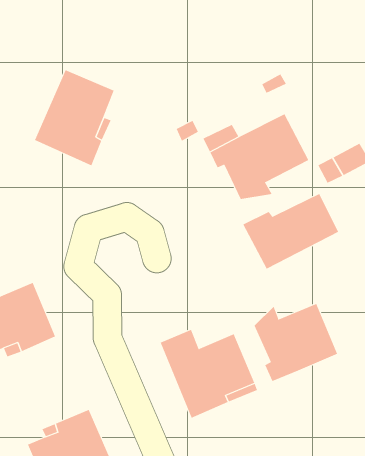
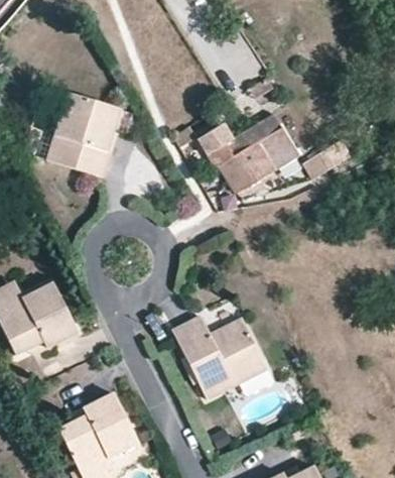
building: [243,193,339,270] -> none
building: [254,303,338,382] -> none

